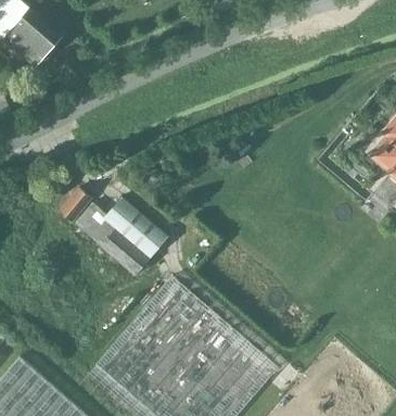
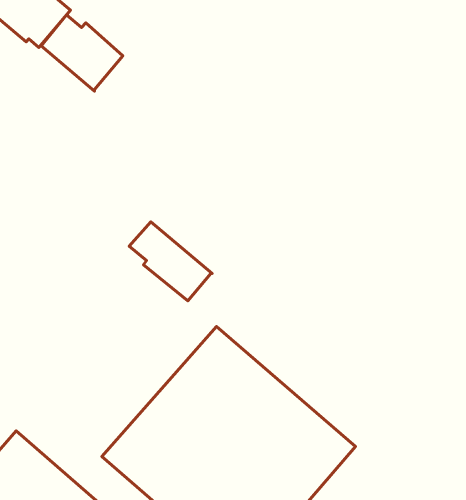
building: none -> [41,15,123,91]
building: [60,189,151,276] -> none

